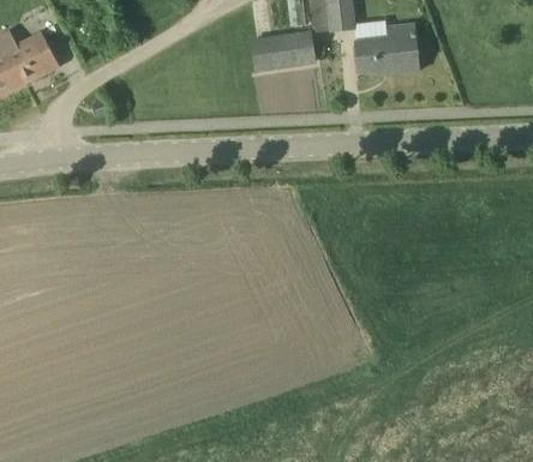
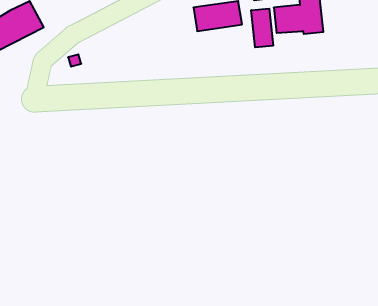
building: none -> [251,9,273,47]

